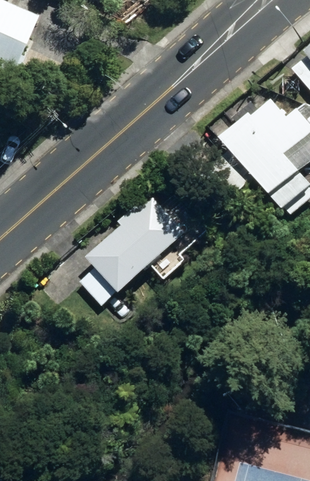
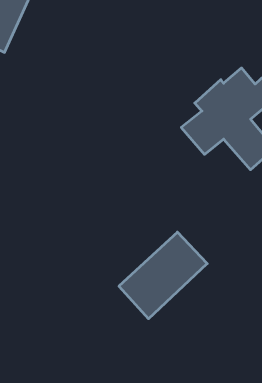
building: [87,195,185,291] -> [119,232,207,319]

